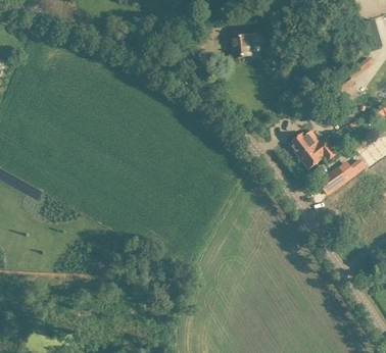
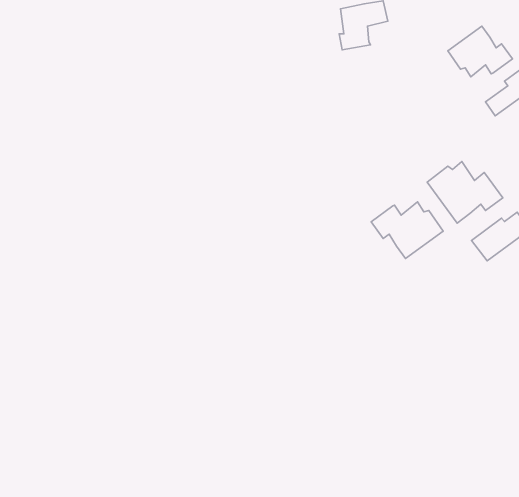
building: none -> [448,26,512,77]
building: none -> [371,202,443,259]

